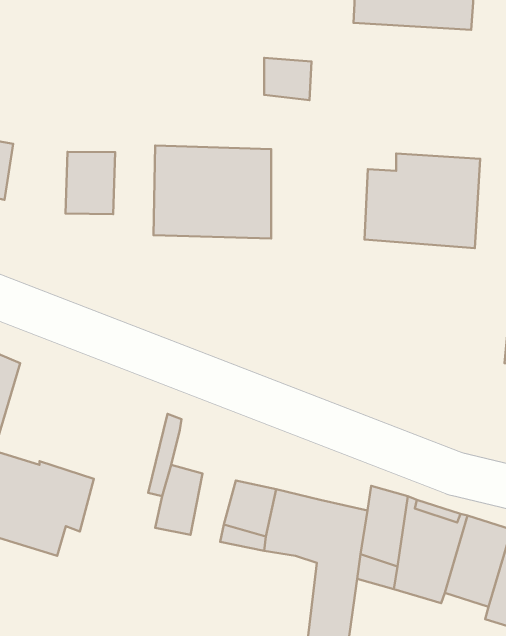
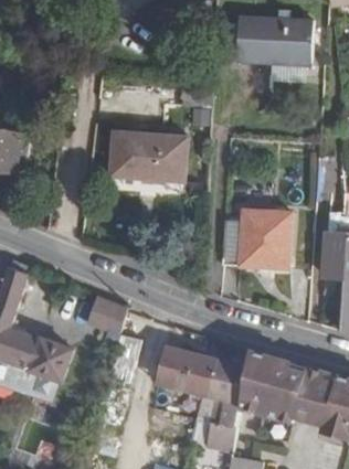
building: [66,152,115,214] -> none
building: [364,153,480,248] -> [219,209,292,268]

